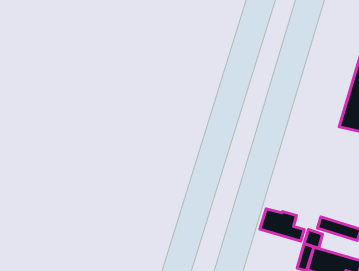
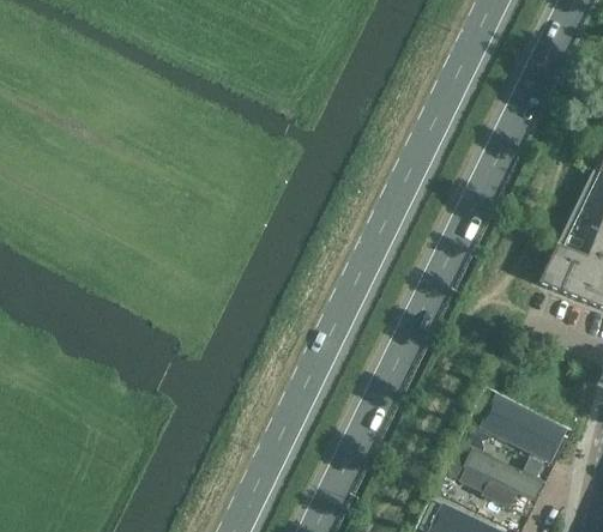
building: [260,209,304,241] -> none

